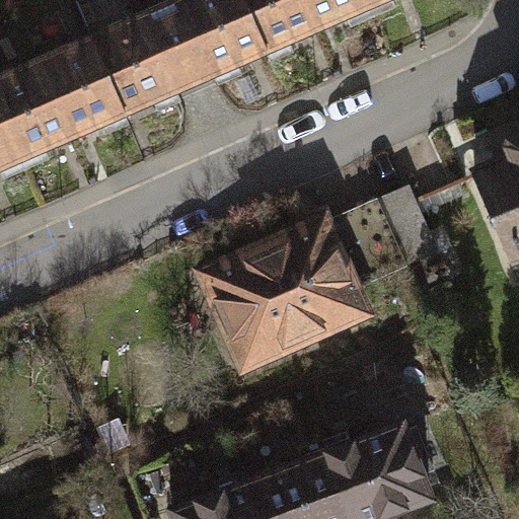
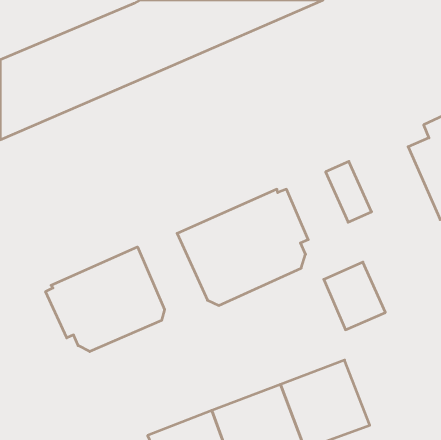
building: [338,205,410,284] -> [324,262,385,330]
building: none -> [46,247,165,352]

